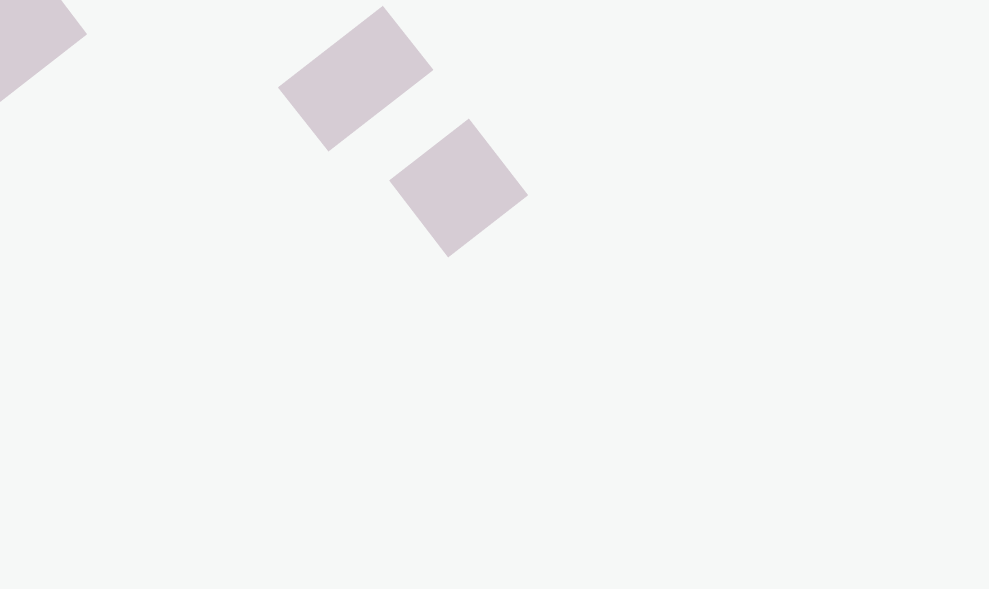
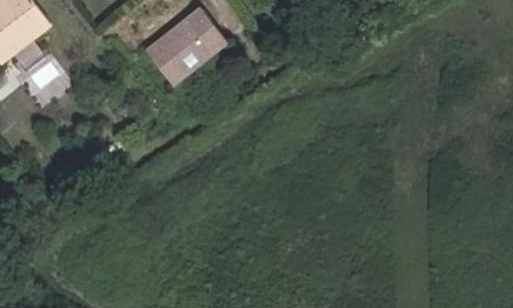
building: [388,117,529,258] -> none

